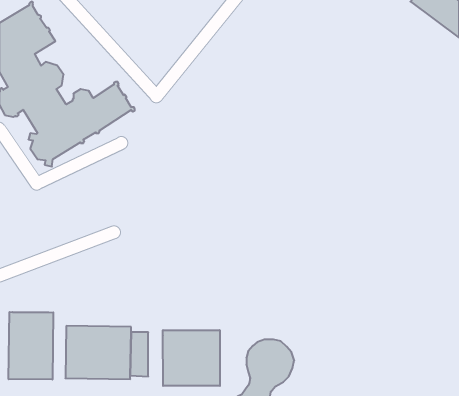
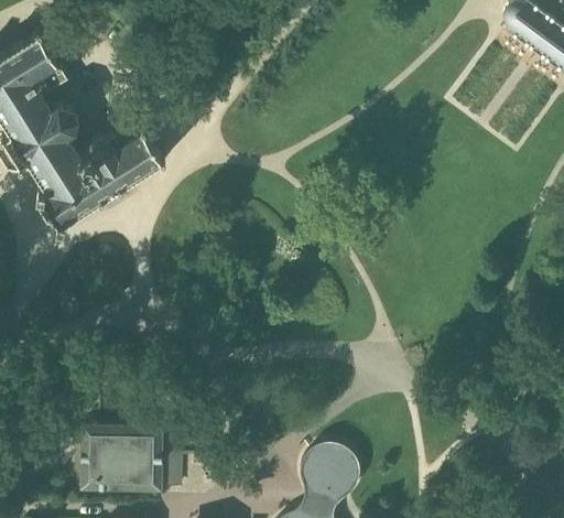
building: [9,312,53,380] -> none
building: [163,330,220,386] -> none

